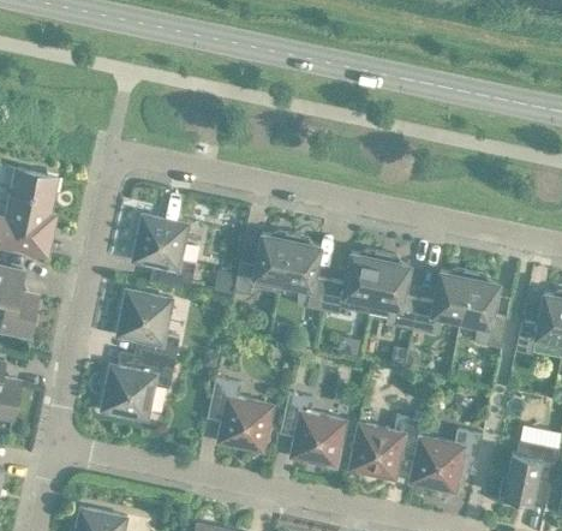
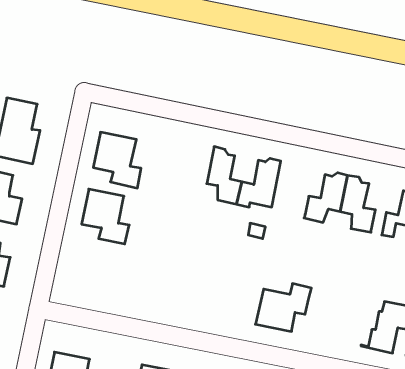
building: [233,231,292,294] -> none
building: [369,252,418,328] -> none
building: [100,356,173,420] -> none
building: [208,378,273,452] -> none
building: [280,393,346,467] -> none
building: [408,429,483,493] -> none

